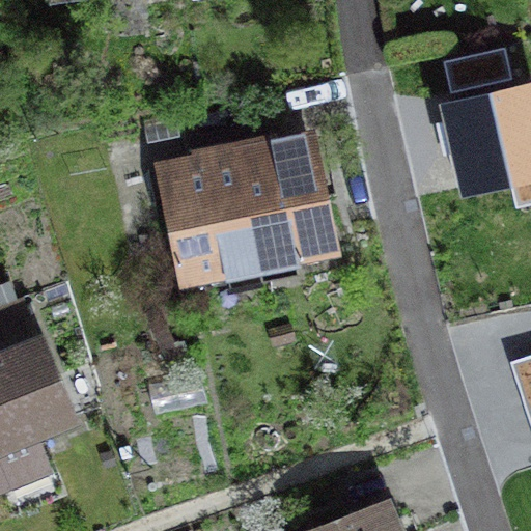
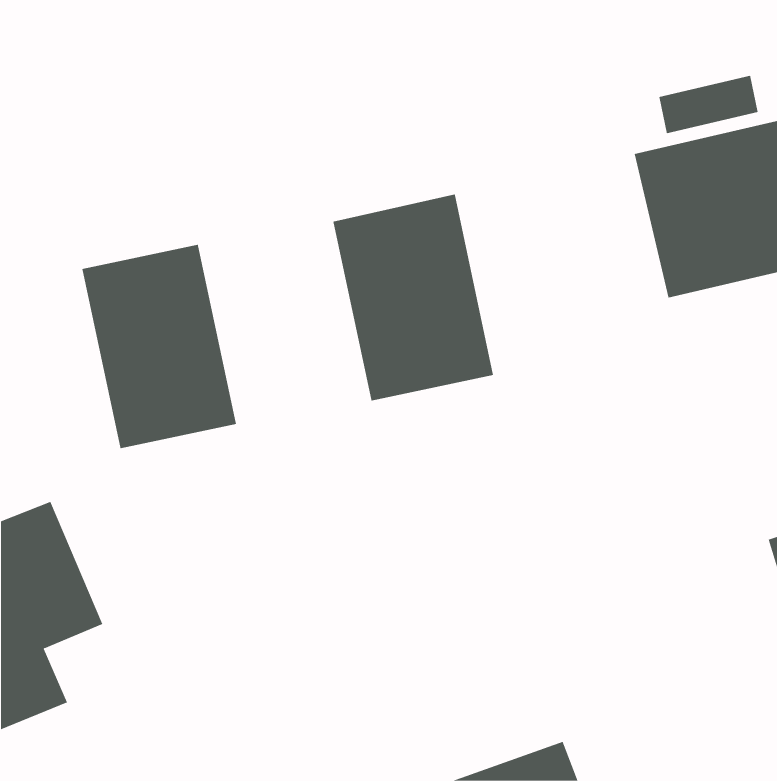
building: [151,149,256,287] -> [81,244,237,449]

